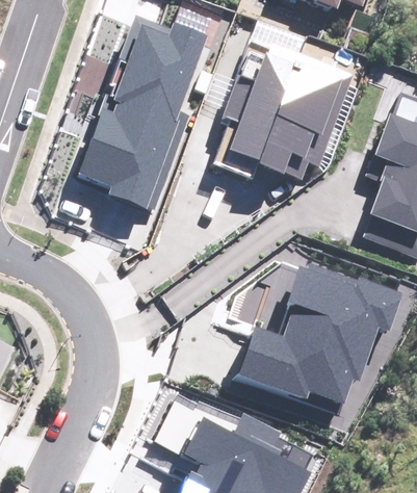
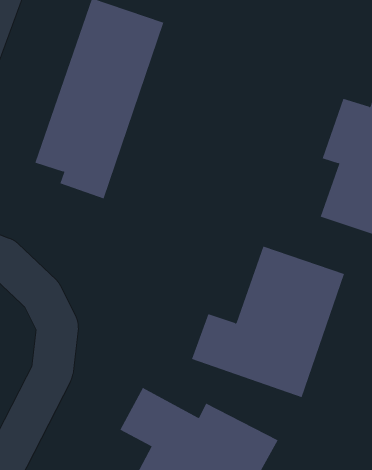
building: [229,44,345,183] -> none

